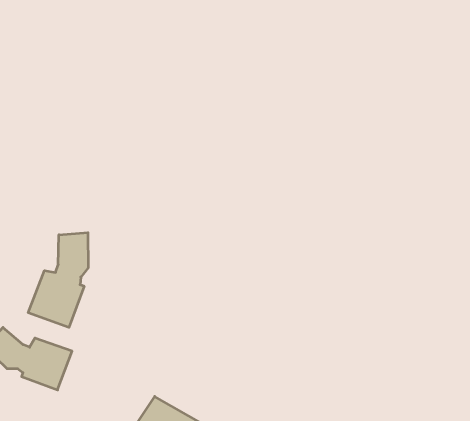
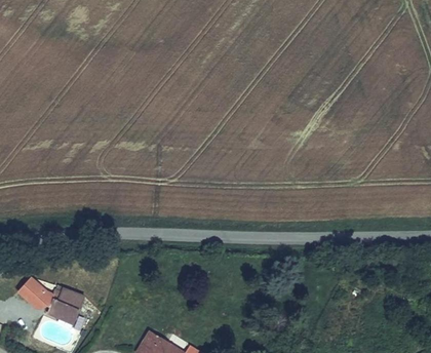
building: [28,233,88,327] -> none

